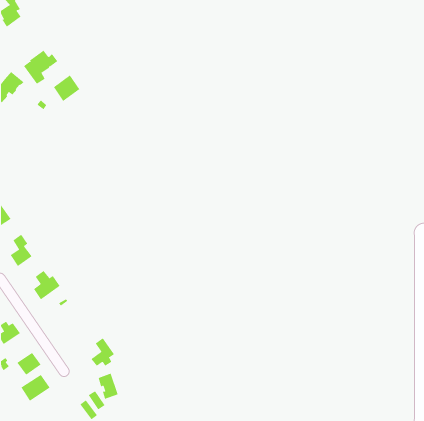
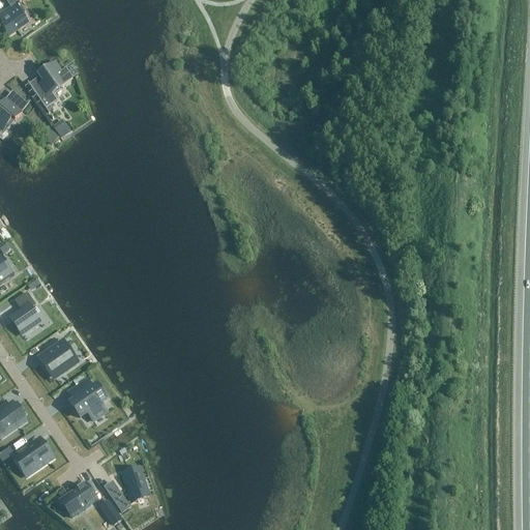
building: [53,75,80,102] -> none
building: [91,338,115,367] -> [72,380,102,416]
building: [20,374,50,401] -> [60,482,97,517]

